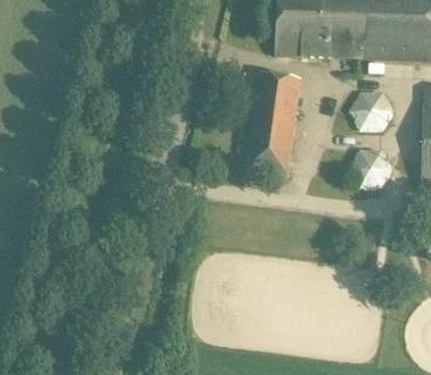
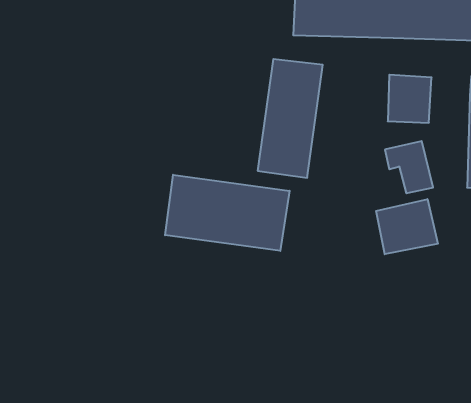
building: none -> [165,175,290,251]
building: none -> [376,199,438,254]

